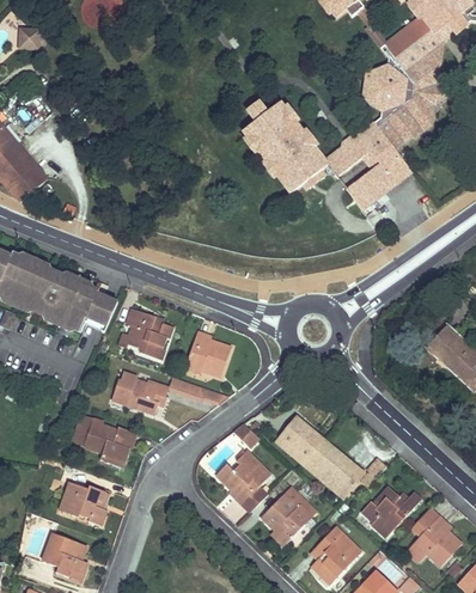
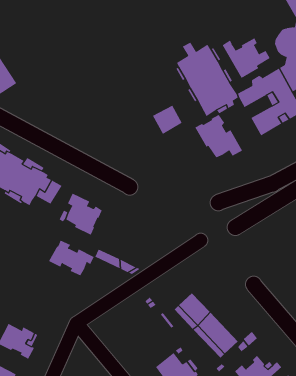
building: none -> [222,37,270,79]
building: none -> [152,105,183,135]
building: none -> [194,114,243,158]
building: [188,332,231,375] -> none
building: [72,414,136,464] -> none
building: [215,450,270,512] -> none

